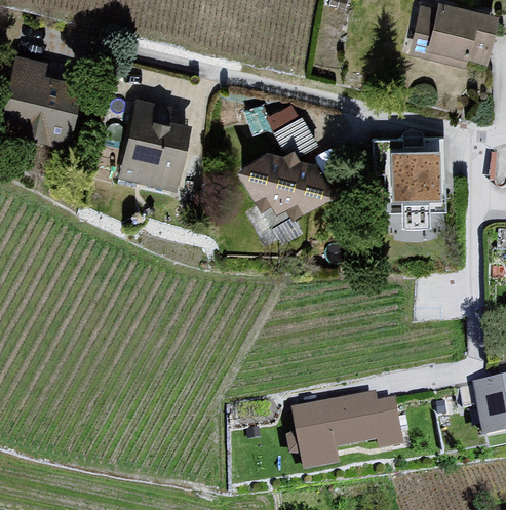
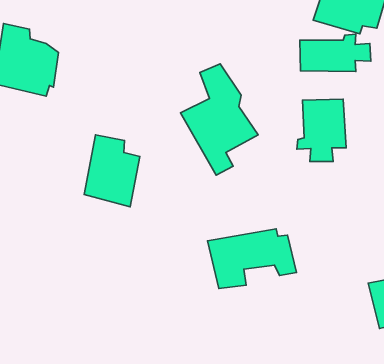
building: none -> [300,34,371,71]
building: [116,96,187,188] -> [84,135,140,207]
building: [293,392,405,468] -> [207,229,296,288]

